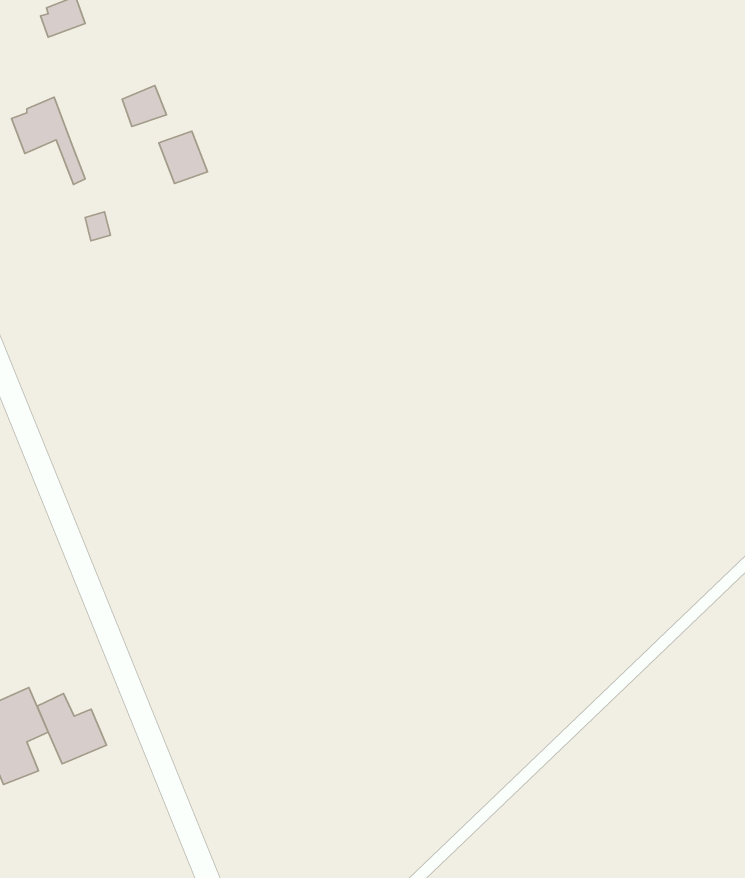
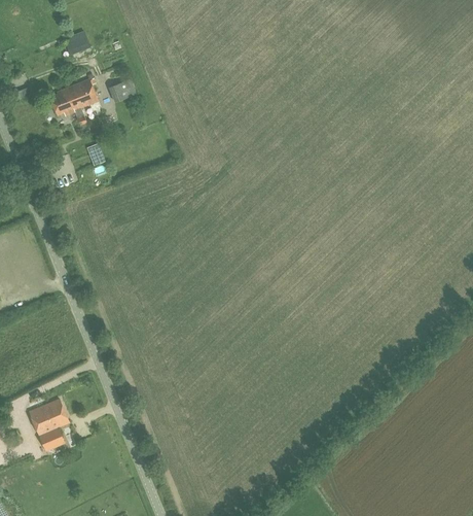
building: [159,131,208,183] -> [72,79,98,107]
building: [37,693,107,764] -> none

